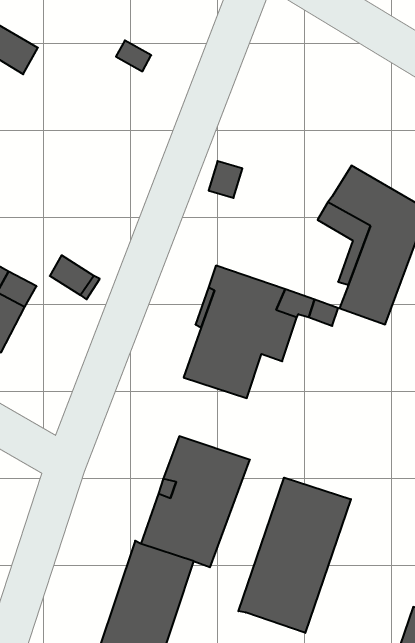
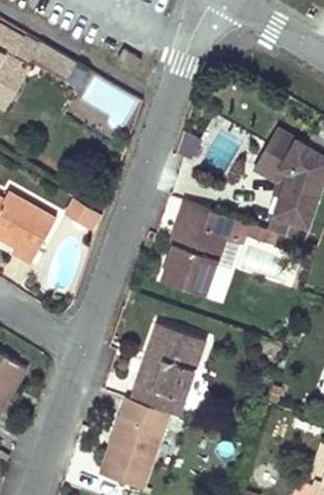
building: [238,478,351,633] -> none

